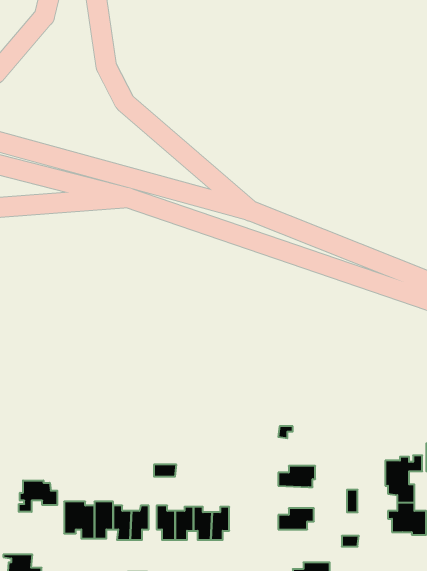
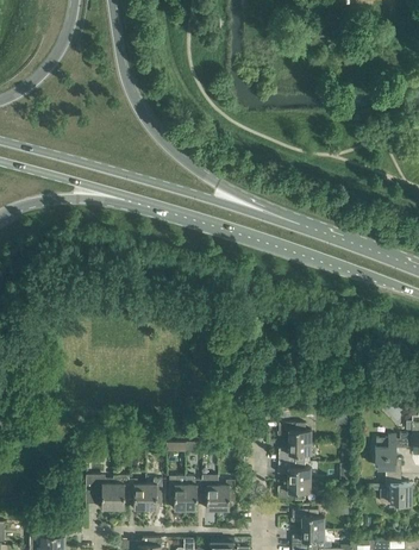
building: none -> [280,425,312,445]
building: [19,480,57,512] -> none
building: none -> [279,463,312,483]
building: none -> [292,512,325,532]

